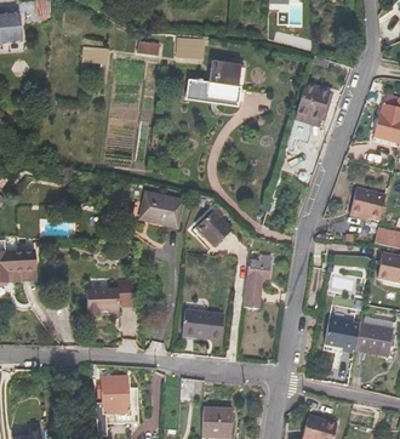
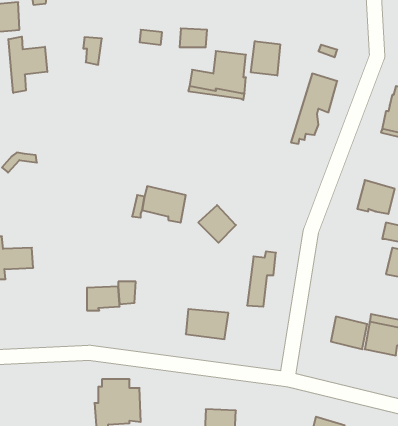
building: none -> [8,37,47,93]
building: none -> [251,41,280,76]

